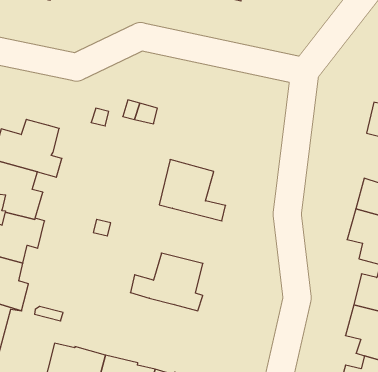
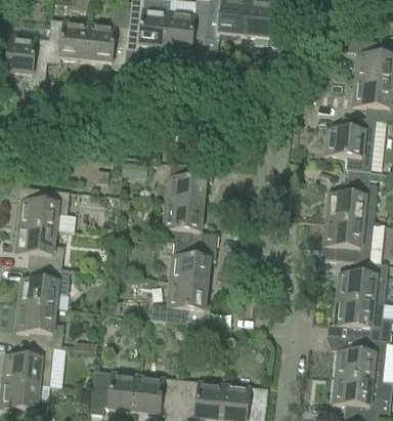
building: none -> [165,163,212,207]
building: none -> [170,243,216,285]

